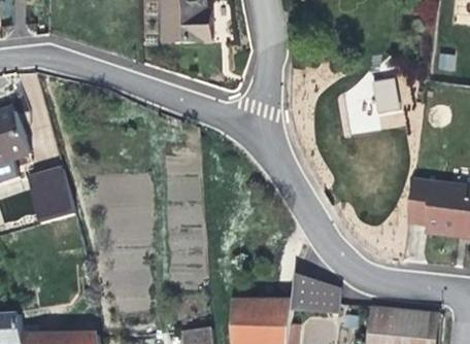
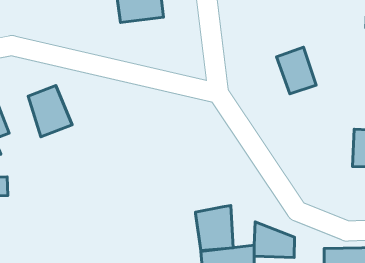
building: [371,76,401,127] -> none
building: [30,166,76,221] -> [28,85,72,137]
building: none -> [195,206,233,250]

